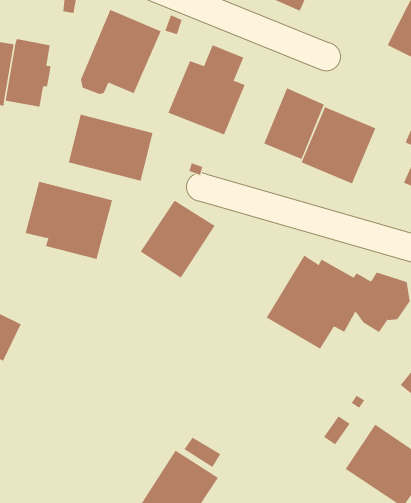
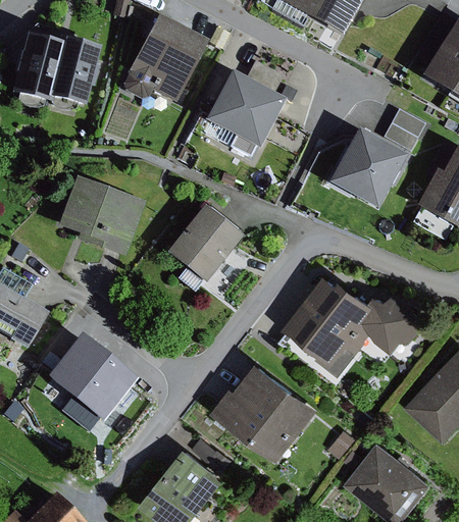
building: none -> [384,112,422,151]
building: [263,87,324,160] -> none
building: [68,114,153,181] -> none
building: none -> [45,337,134,422]
building: none -> [211,364,317,462]

